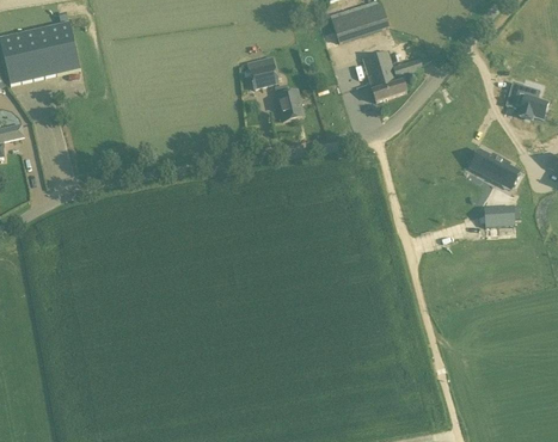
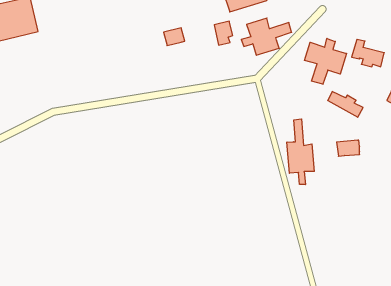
building: none -> [305,38,347,84]
building: [276,87,301,119] -> [214,21,233,45]
building: none -> [287,119,314,185]

